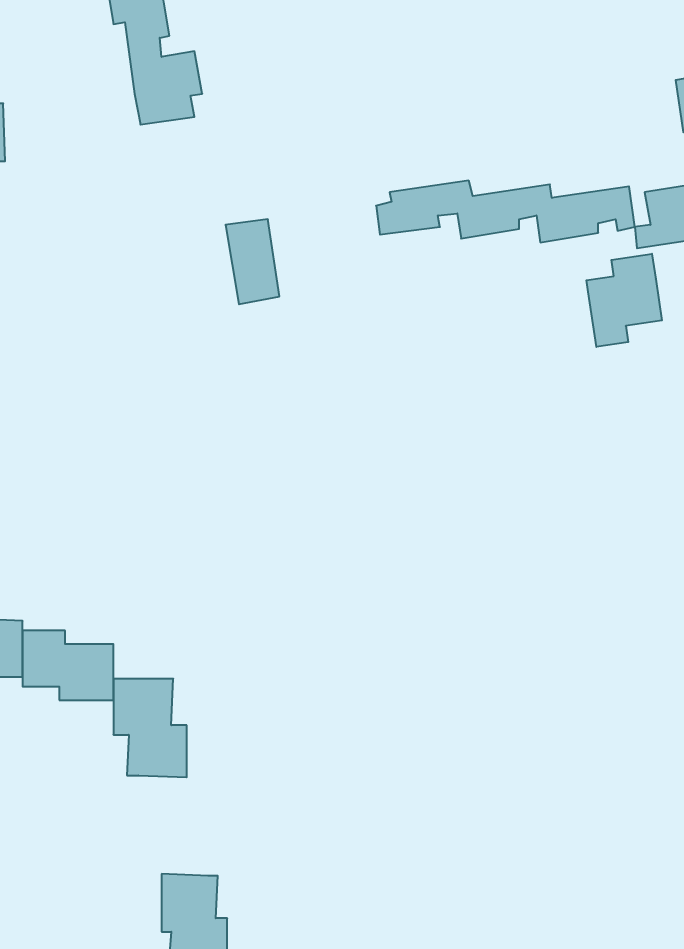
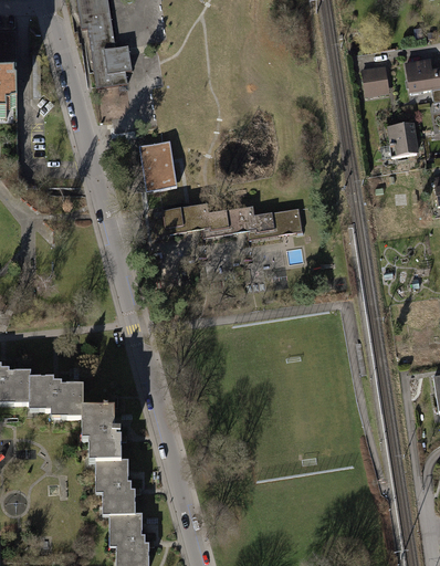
building: none -> [359,65,387,96]
building: [376,181,635,242] -> [155,203,303,239]
building: [586,254,662,347] -> none
building: none -> [95,460,136,517]

